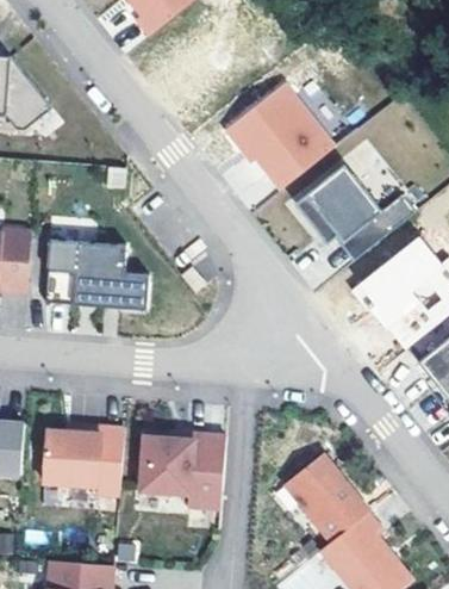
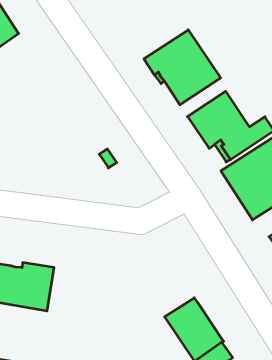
building: [45,240,149,310] -> none
building: [141,434,226,509] -> none

